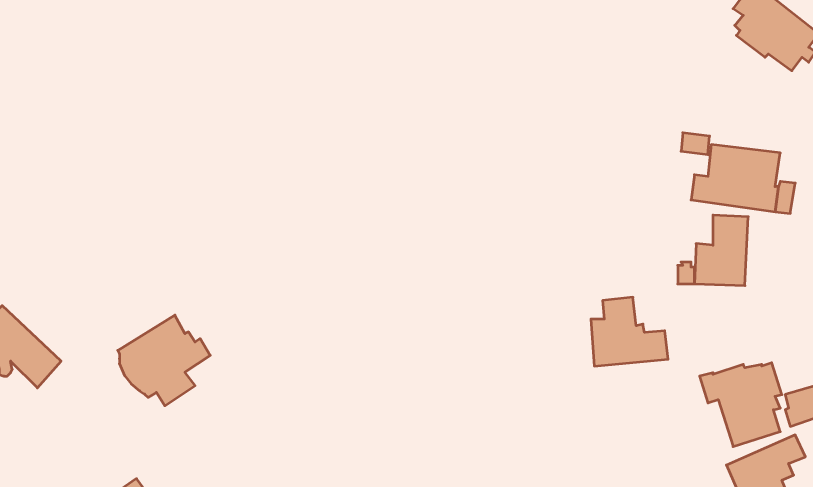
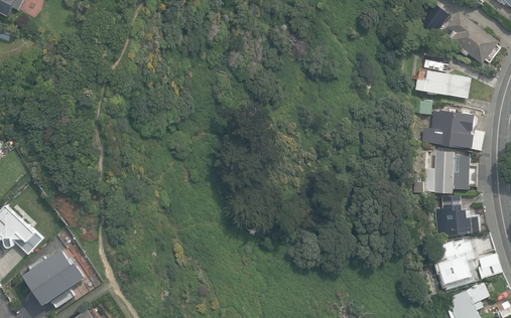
building: none -> [415,70,471,99]
building: none -> [456,157,478,191]
building: [591,297,668,366] -> [434,195,481,236]
building: [118,315,210,406] -> [28,253,84,307]

